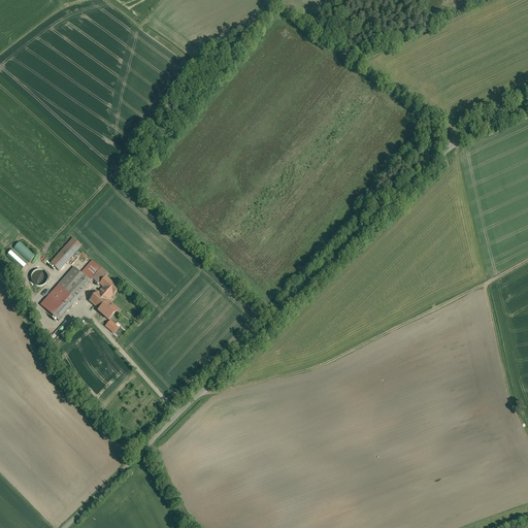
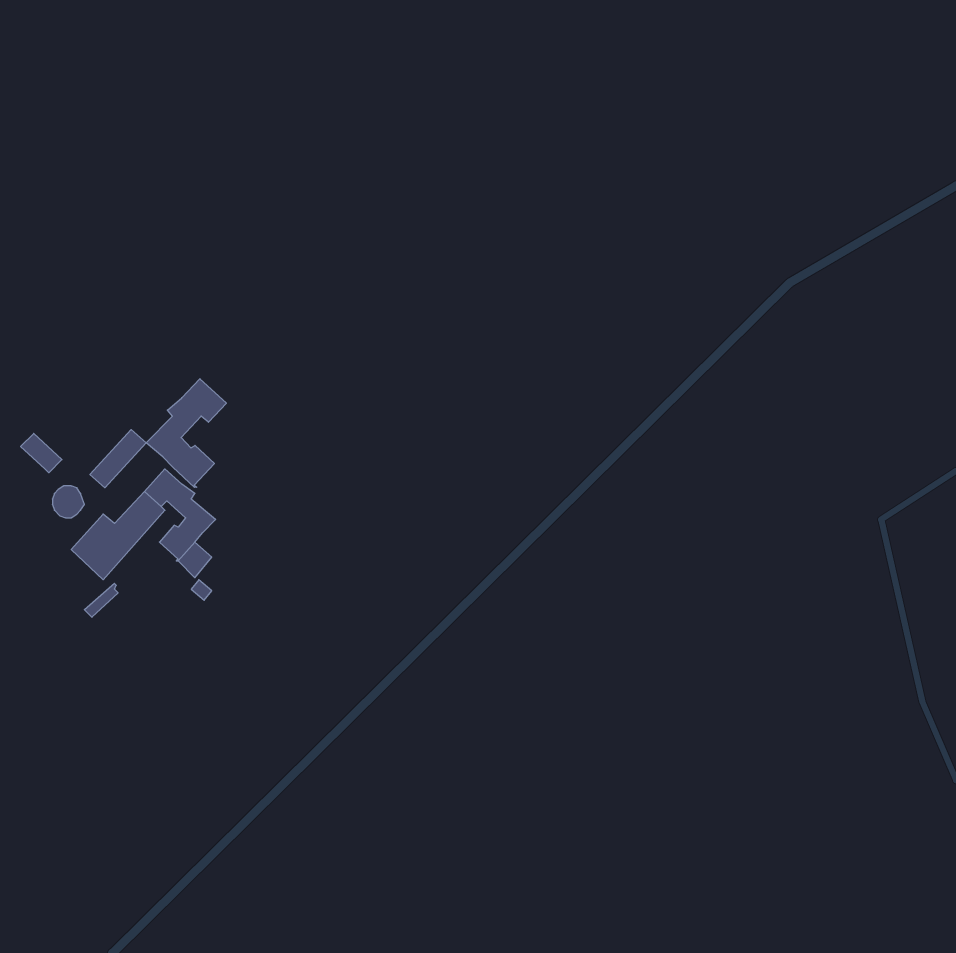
building: none -> [146,379,226,487]

